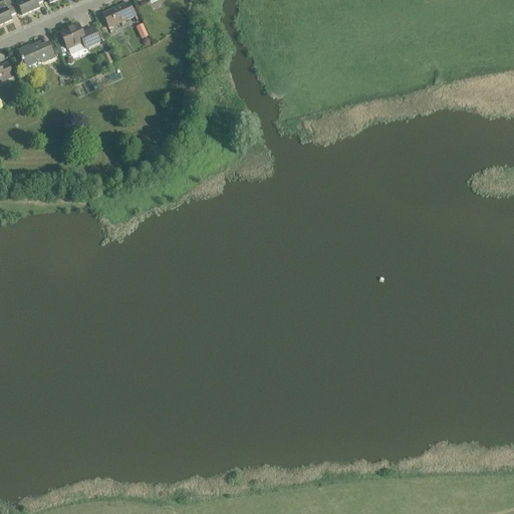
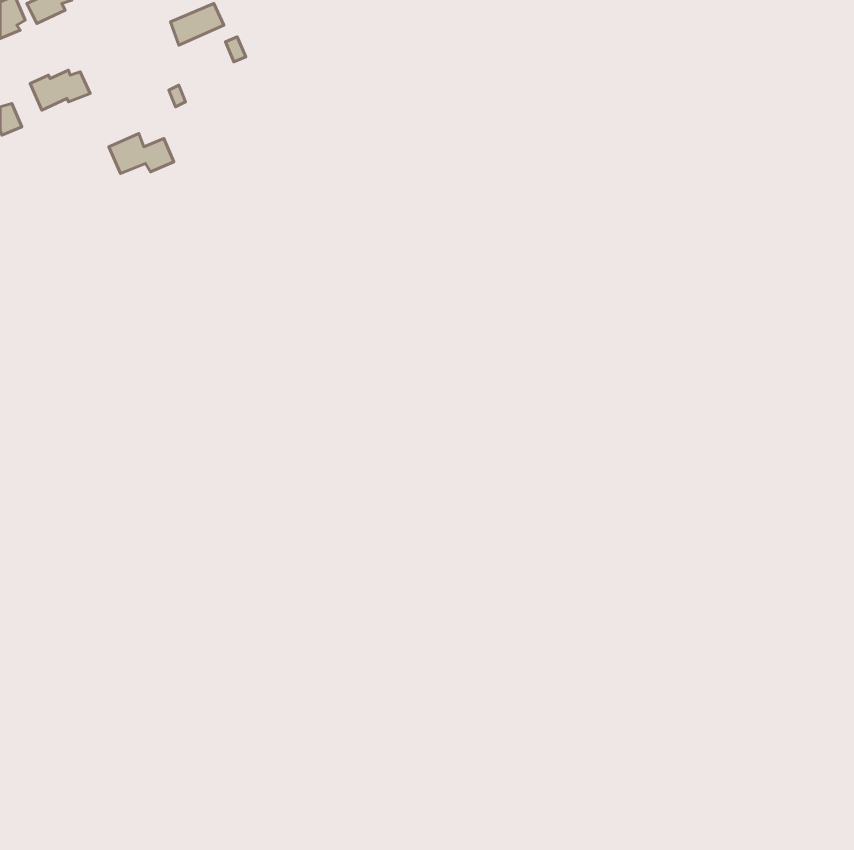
building: [60,24,99,48] -> [109,133,174,173]

